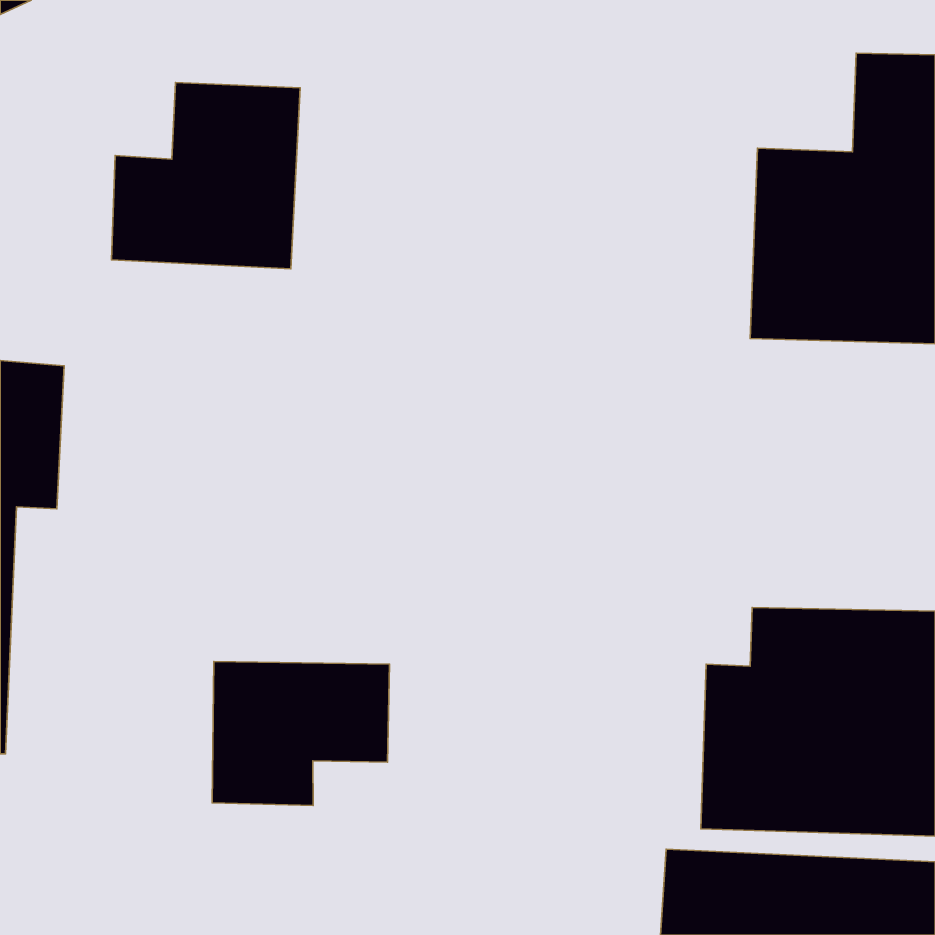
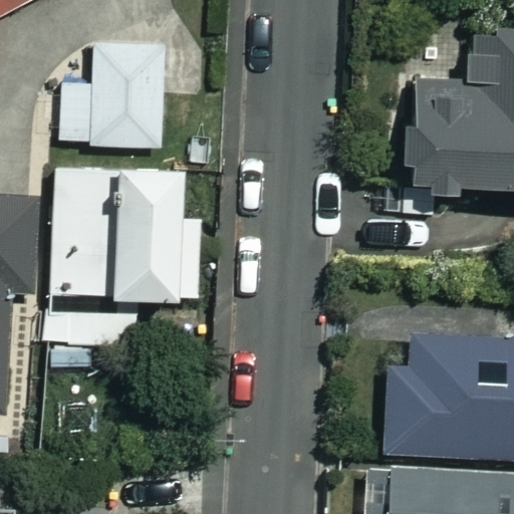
building: none -> [52,170,200,299]
building: [212,662,389,806] -> none

